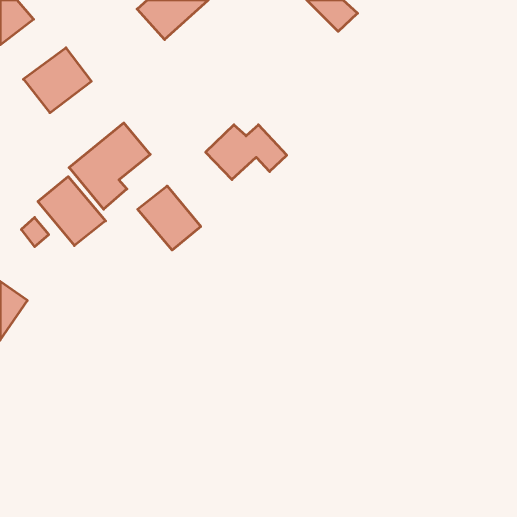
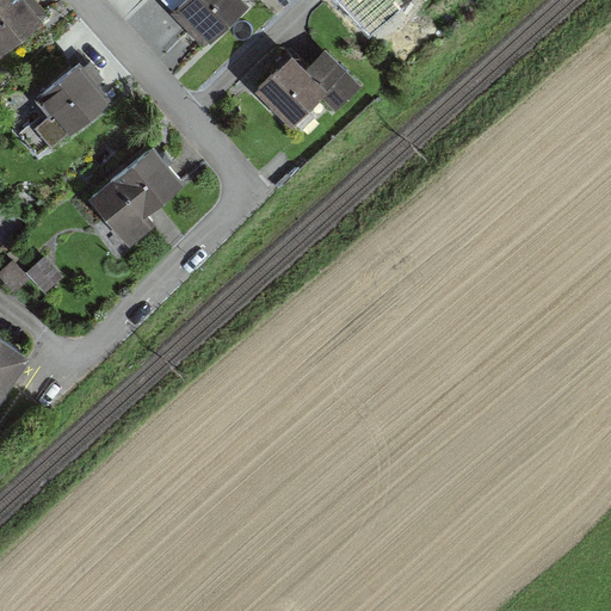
building: [206,125,287,180] -> [267,57,363,122]
building: [38,177,106,246] -> none
building: [138,186,201,250] -> none

